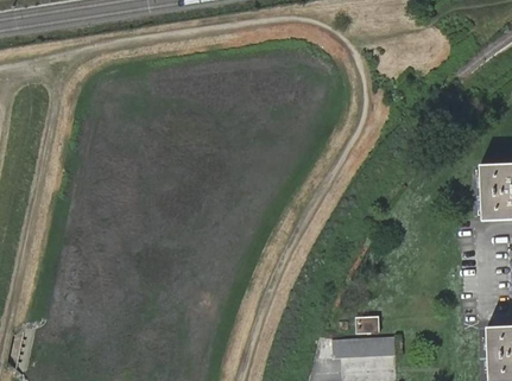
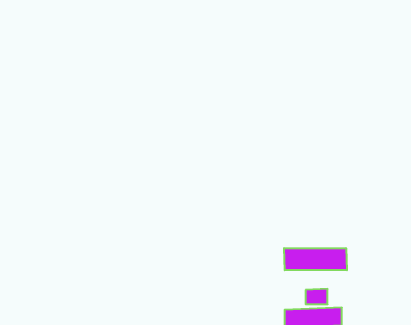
building: none -> [284,248,347,270]

